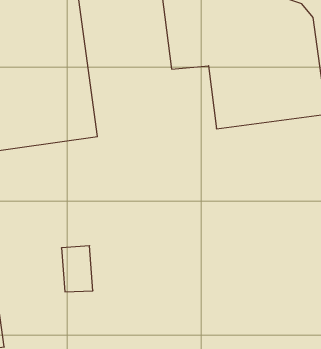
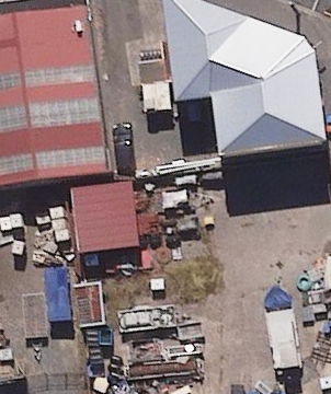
building: none -> [64,177,132,245]

